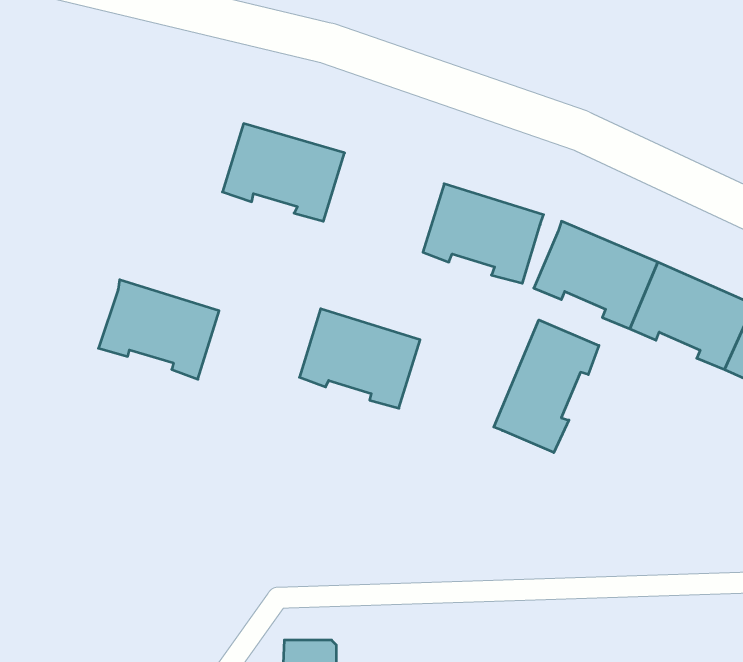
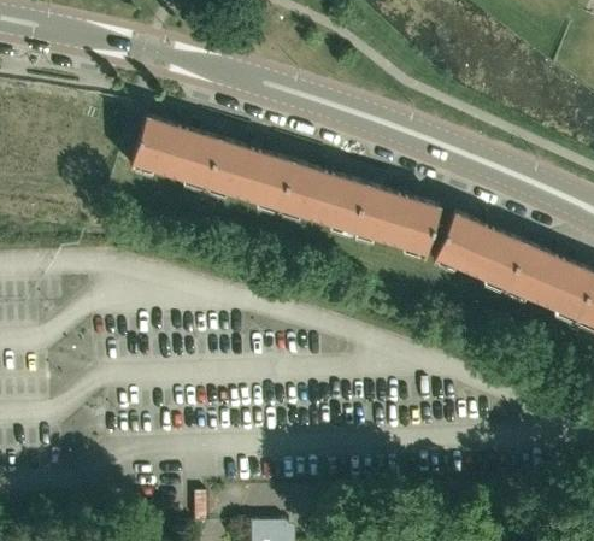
building: [98,280,219,379] -> [131,118,220,192]
building: [299,309,420,408] -> [280,163,369,236]
building: [494,320,599,453] -> none

